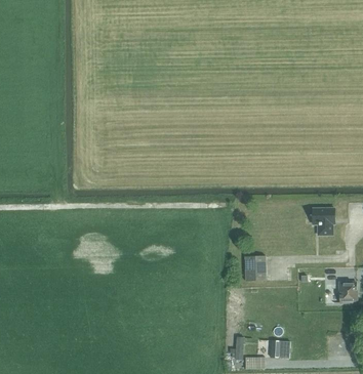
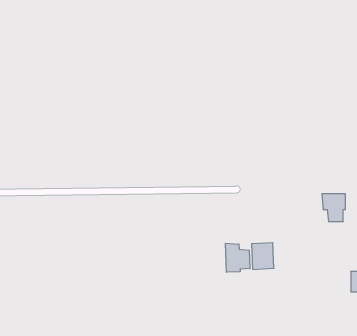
building: none -> [225,243,250,272]

